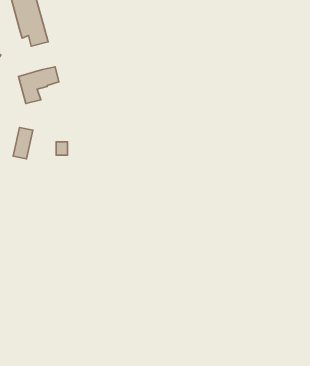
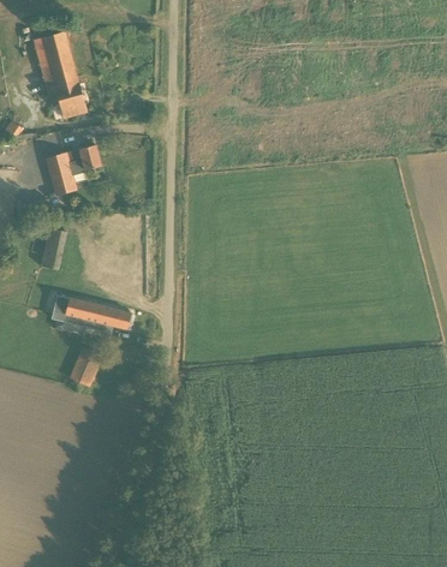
building: none -> [55,297,131,332]
building: none -> [71,351,100,386]

